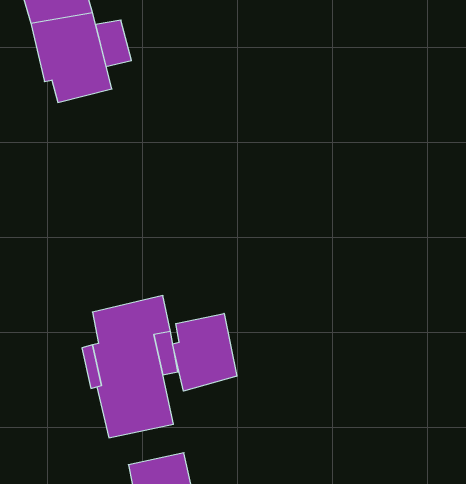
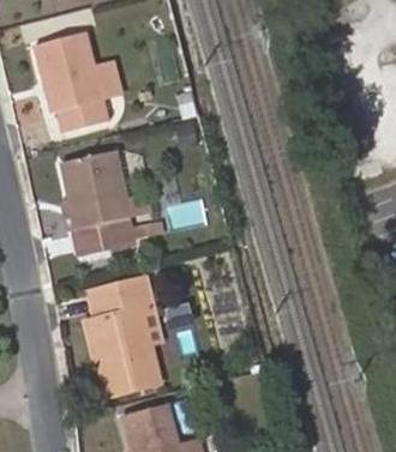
building: none -> [64,153,134,253]
building: [173,313,237,391] -> none

